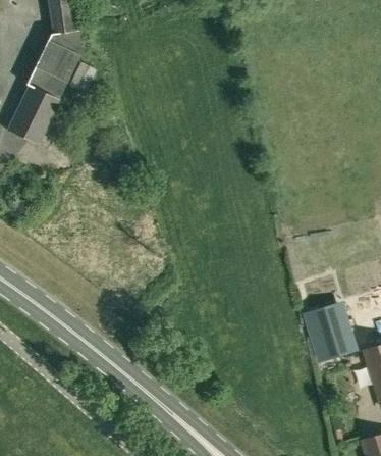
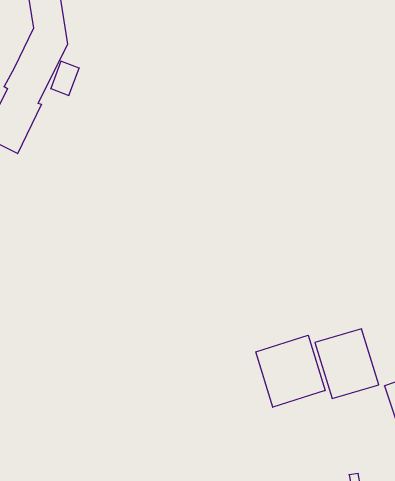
building: none -> [256,335,325,407]

